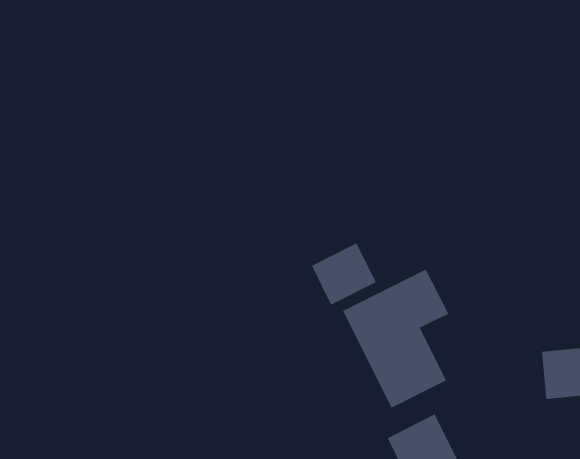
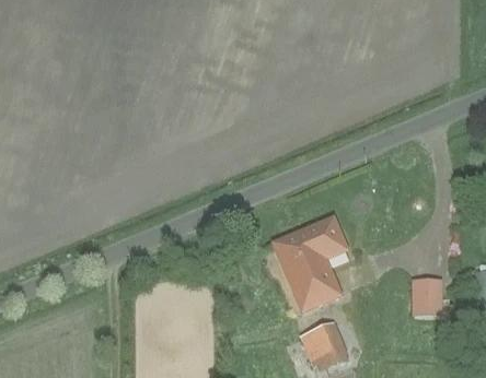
building: [311,243,377,306] -> none

